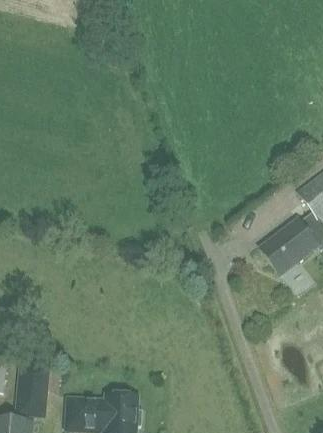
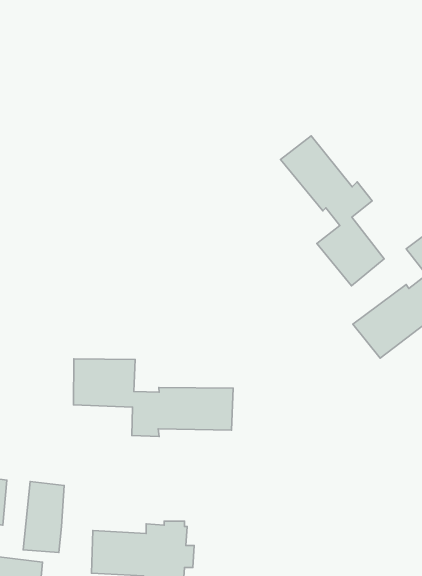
building: none -> [280,136,384,286]
building: none -> [74,359,233,436]

